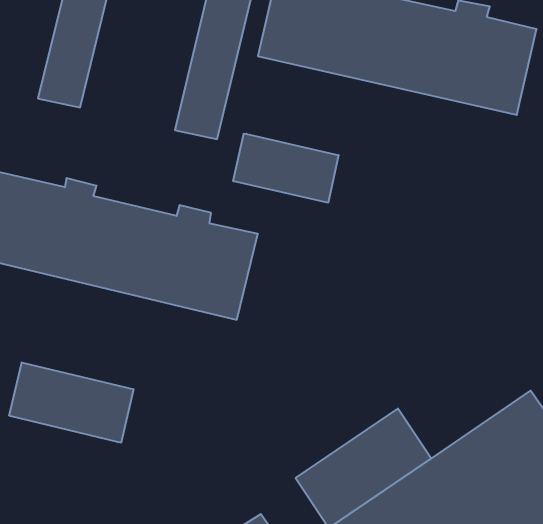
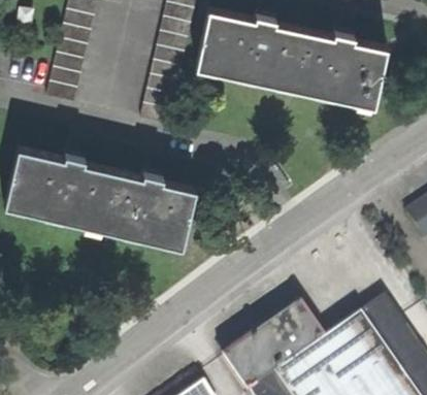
building: [233,134,339,203] -> none
building: [9,362,134,443] -> none

